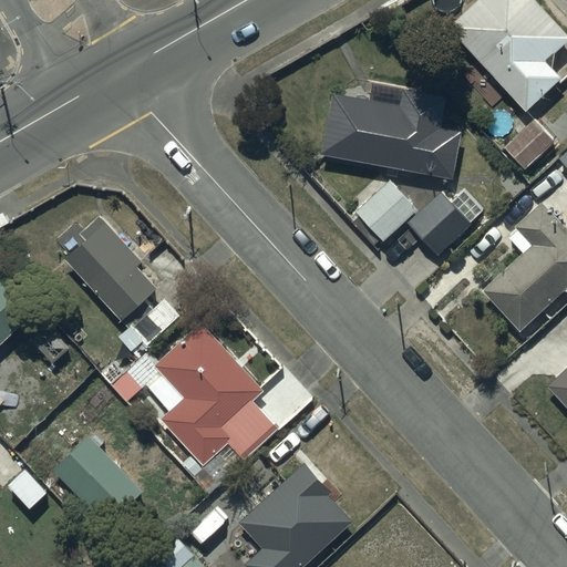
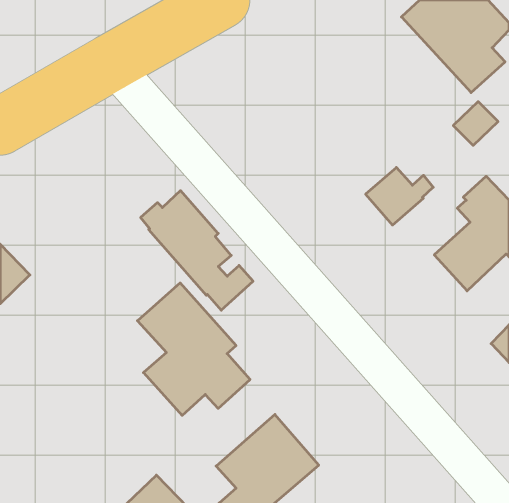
building: [320,87,461,177] -> none
building: [355,182,416,241] -> none
building: [56,215,182,348] -> [141,191,253,310]
building: [53,434,143,525] -> none

